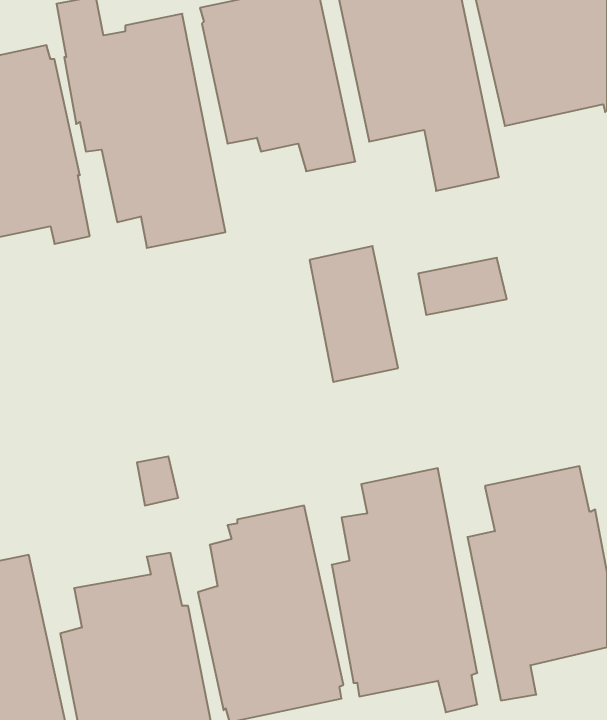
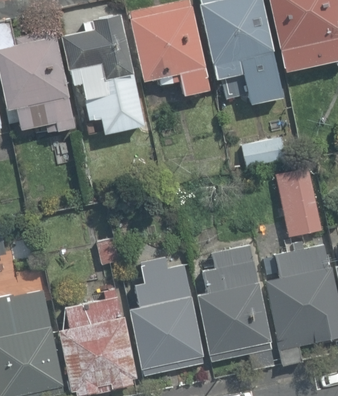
building: [310,246,398,382] -> [276,168,321,237]

